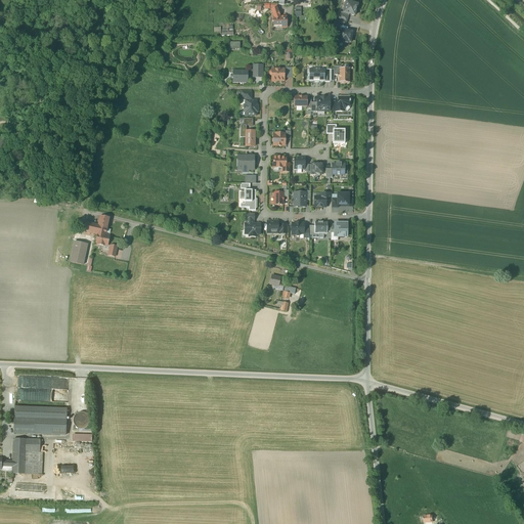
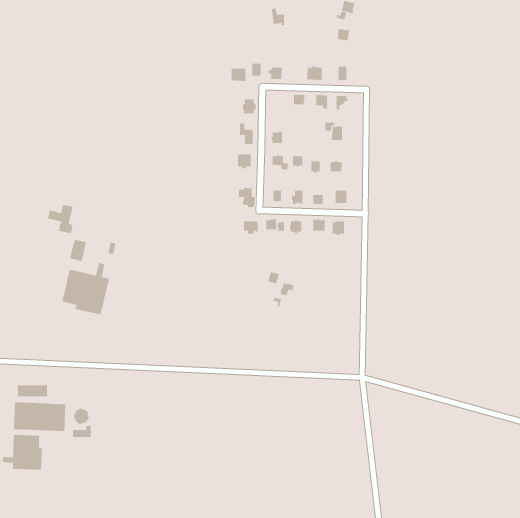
building: [84,216,111,246] -> [47,204,74,234]
building: none -> [62,262,109,315]

